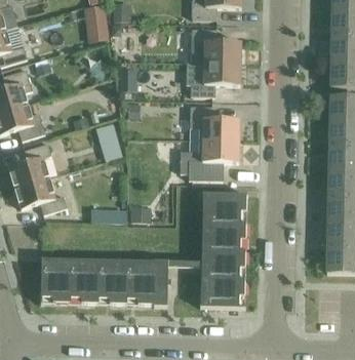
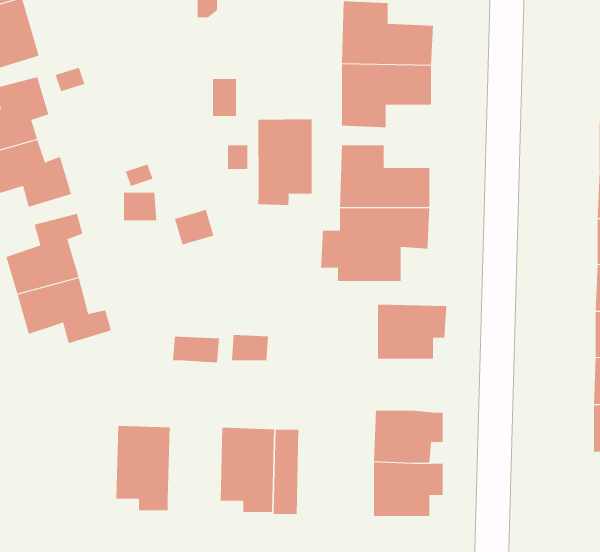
building: none -> [258,119,312,206]
building: [208,222,246,250] -> none
building: [40,257,69,304] -> none
building: [96,258,125,305] -> none

